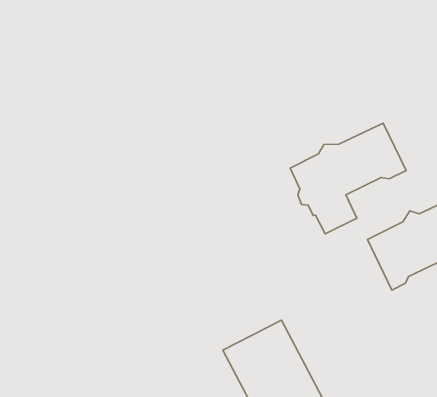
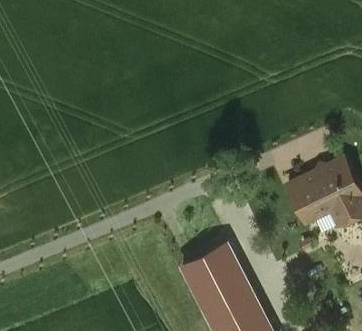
building: [290,123,406,234] -> none

